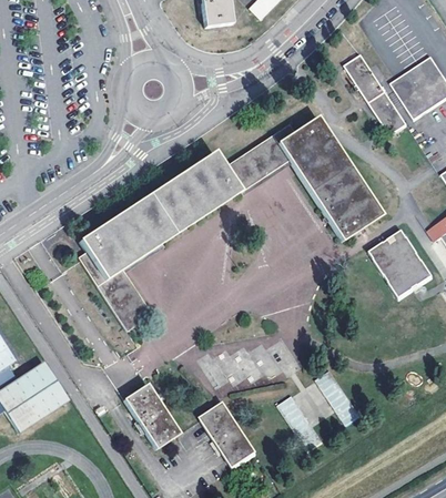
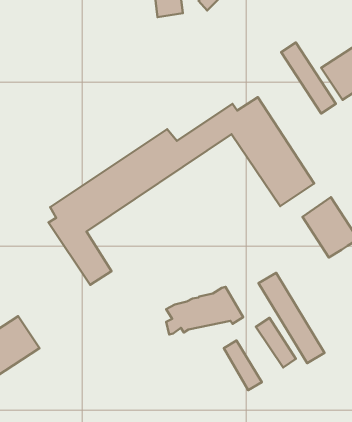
building: none -> [259,273,325,363]
building: [124,382,181,447] -> none
building: [202,404,257,467] -> none

